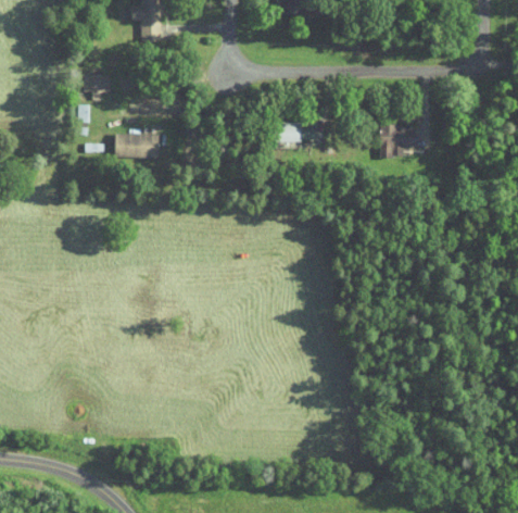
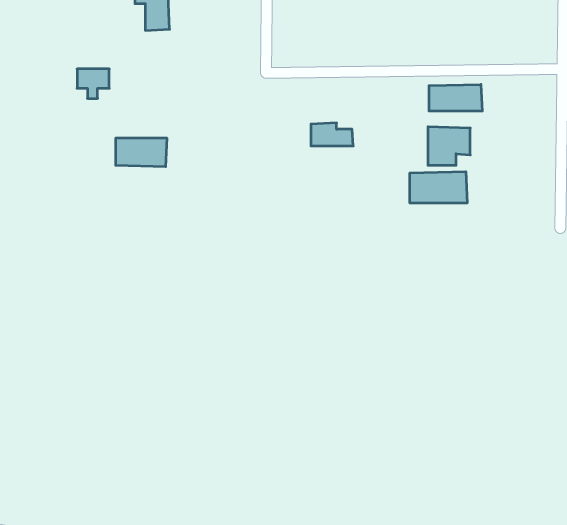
building: none -> [429,84,482,111]
building: none -> [410,172,467,203]

